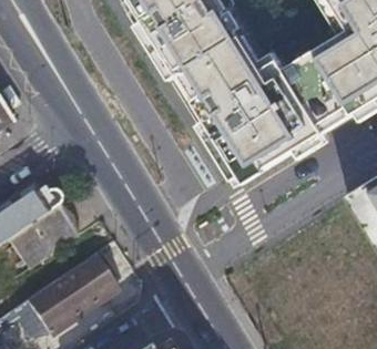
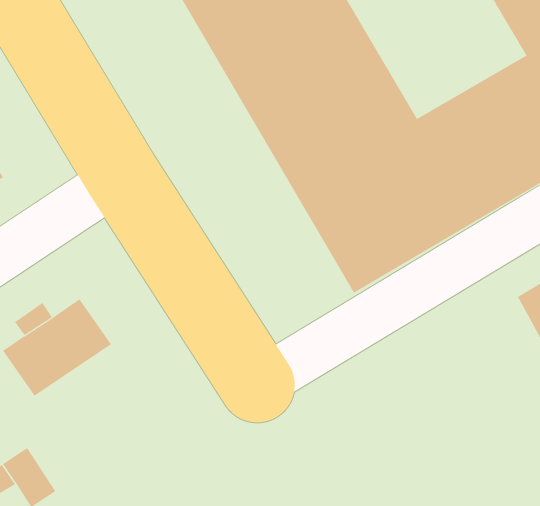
building: [27,249,119,329] -> none

